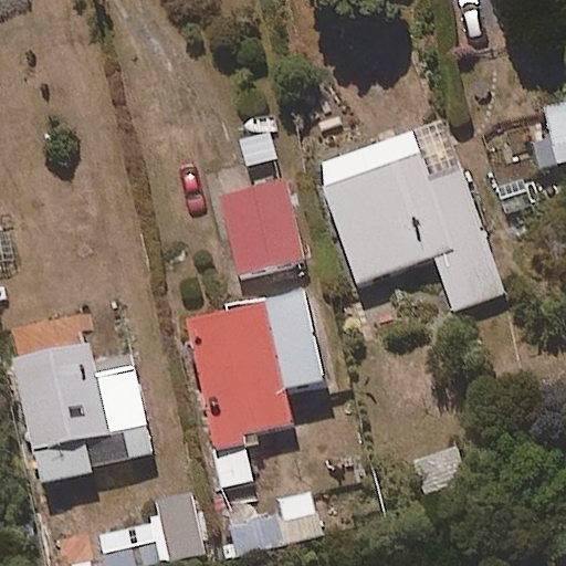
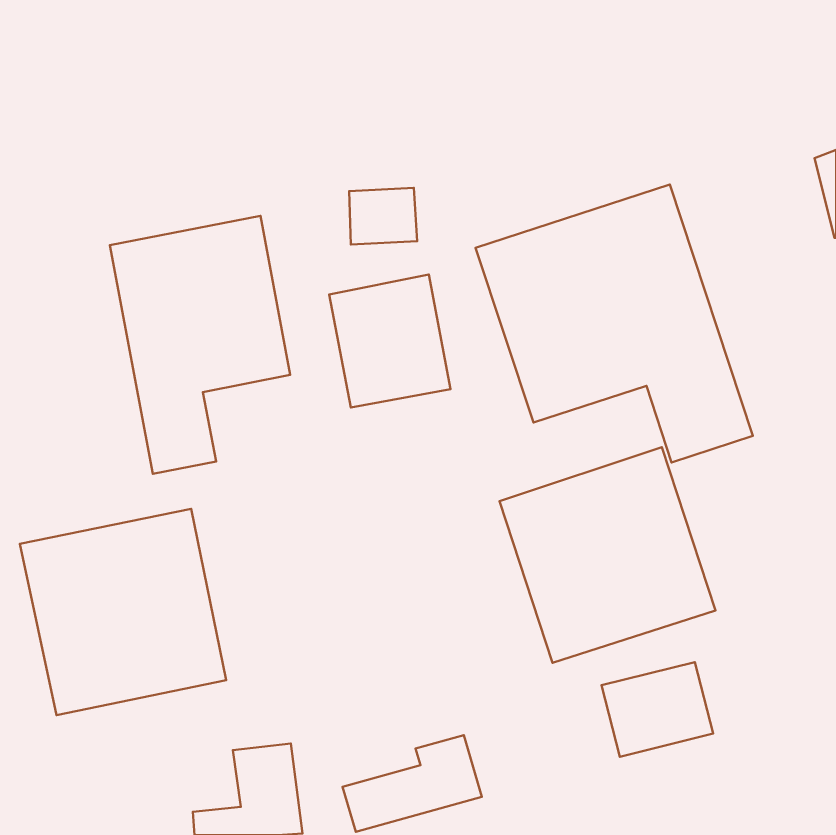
building: none -> [110,216,290,474]
building: none -> [499,447,716,663]
building: [193,301,327,482] -> none

